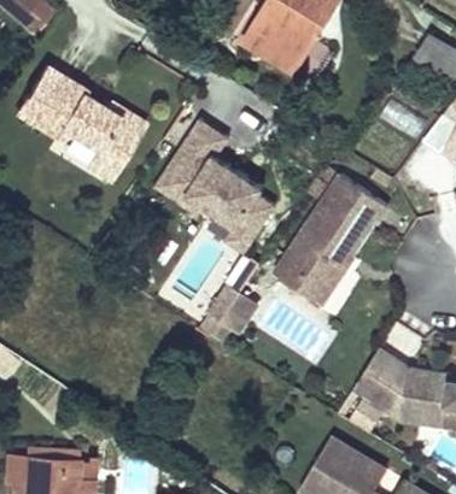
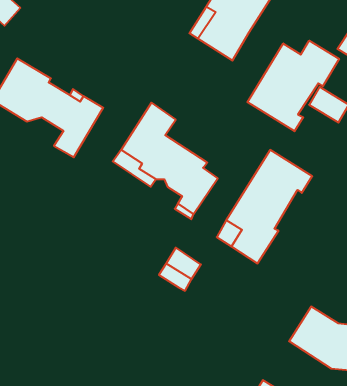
building: none -> [247,41,339,131]

